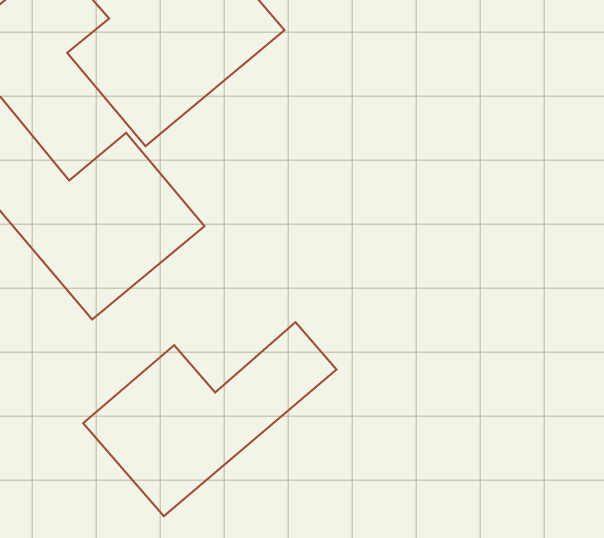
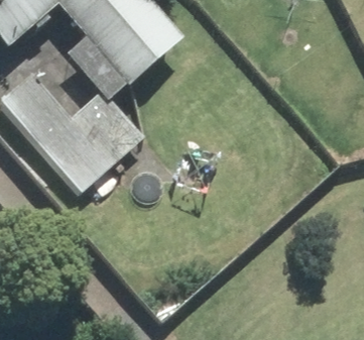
building: [83,322,336,516] -> none

